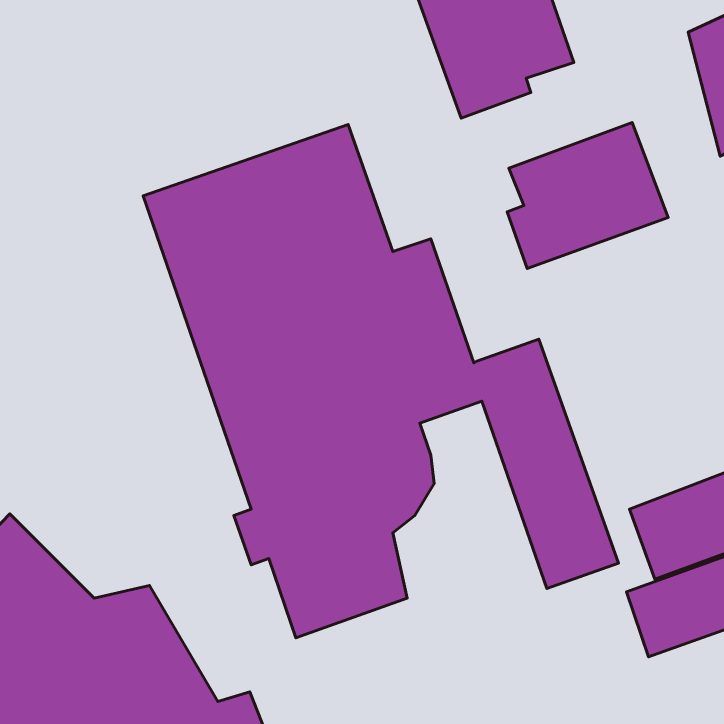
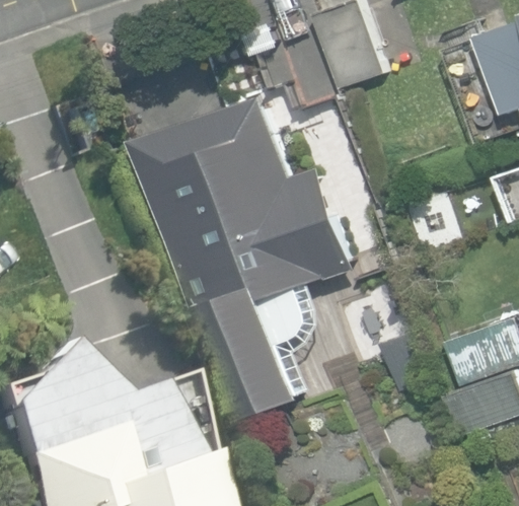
building: [507,123,668,268] -> none

